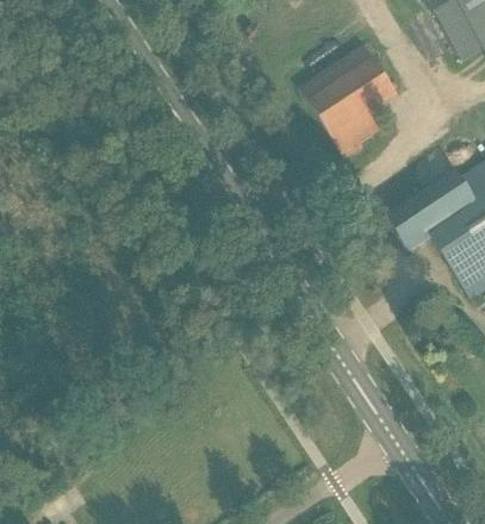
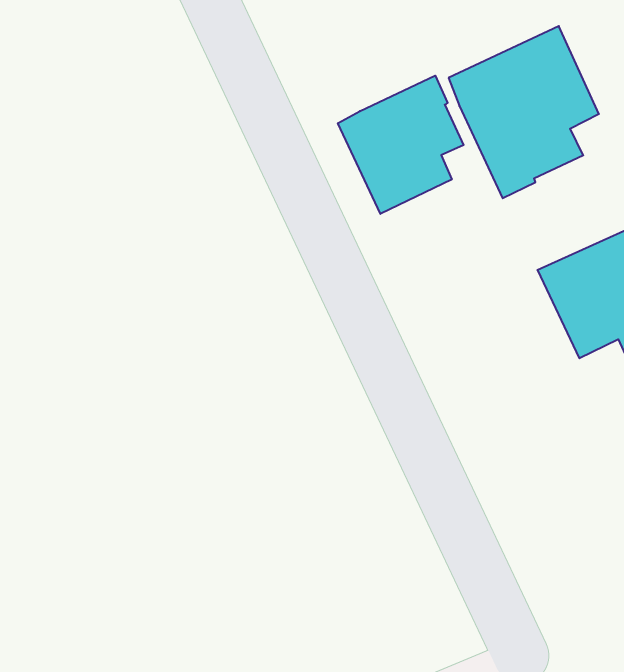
building: none -> [338,76,464,214]

